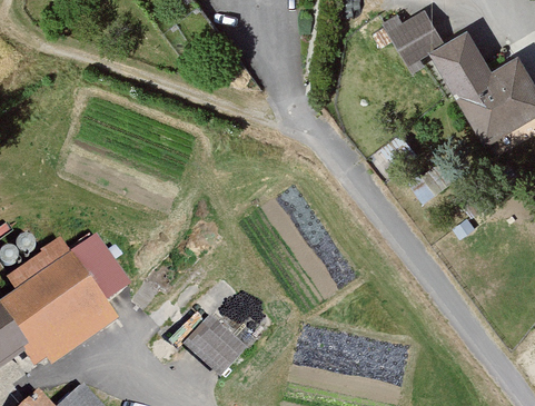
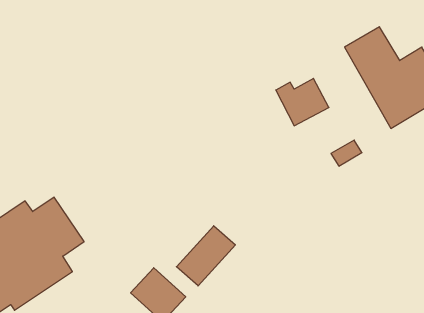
building: [383,12,444,67] -> [276,78,329,126]
building: none -> [176,226,235,286]

